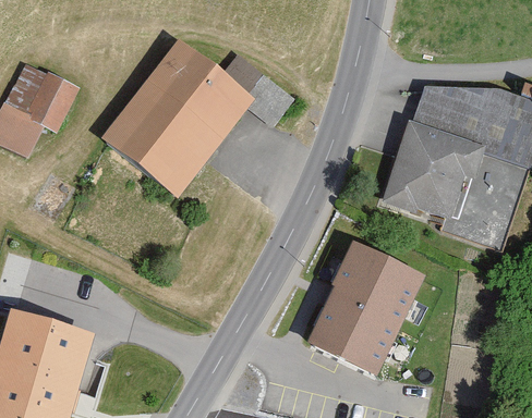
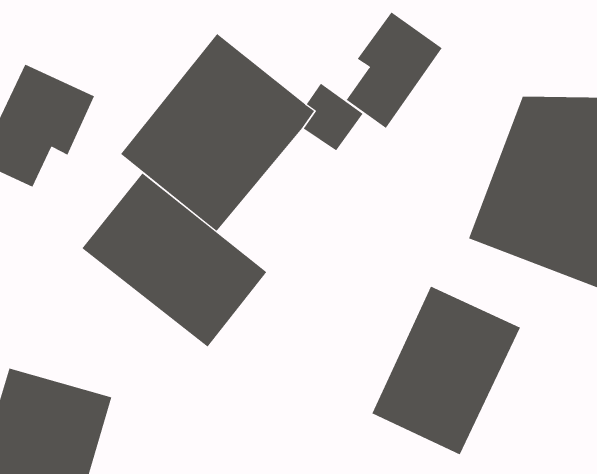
building: none -> [346,11,442,129]
building: none -> [82,172,267,347]

